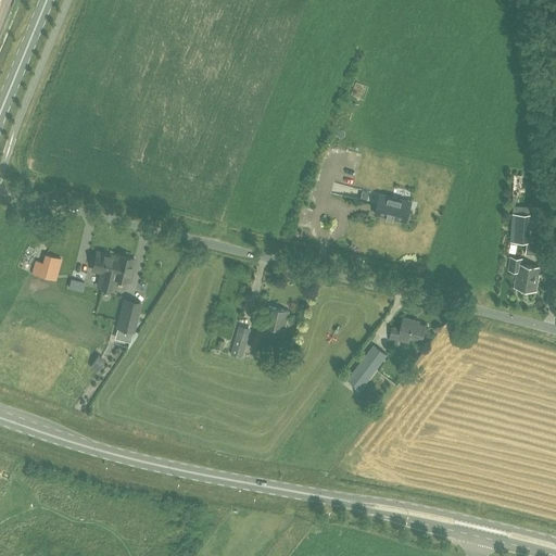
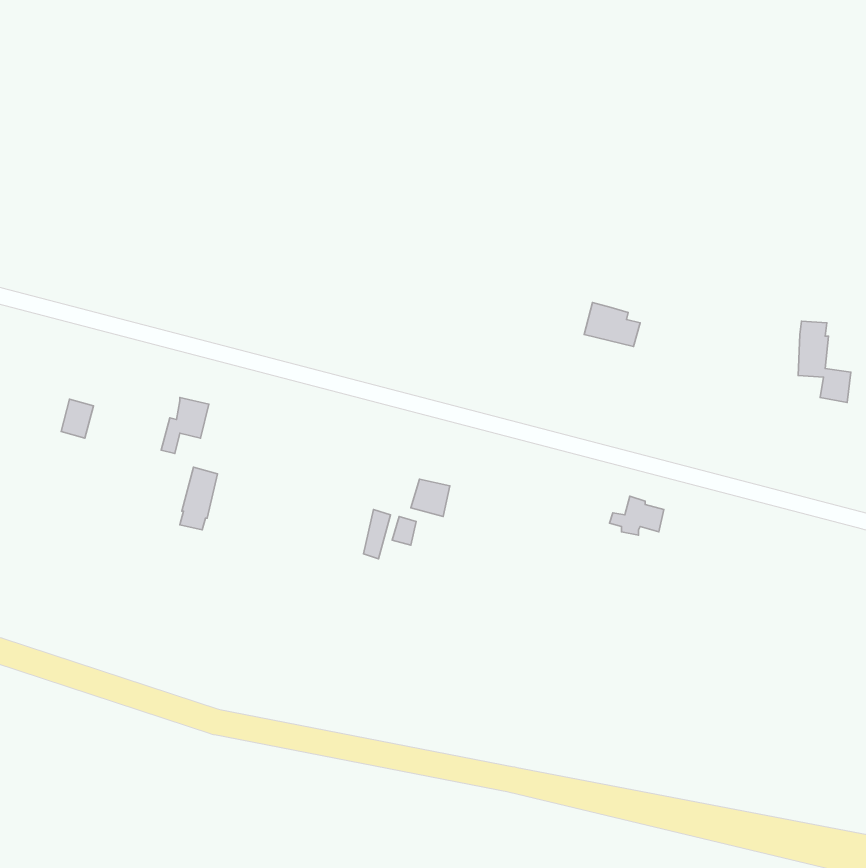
building: [92,251,115,288] -> none
building: [509,258,539,290] -> none
building: [346,344,387,390] -> none

